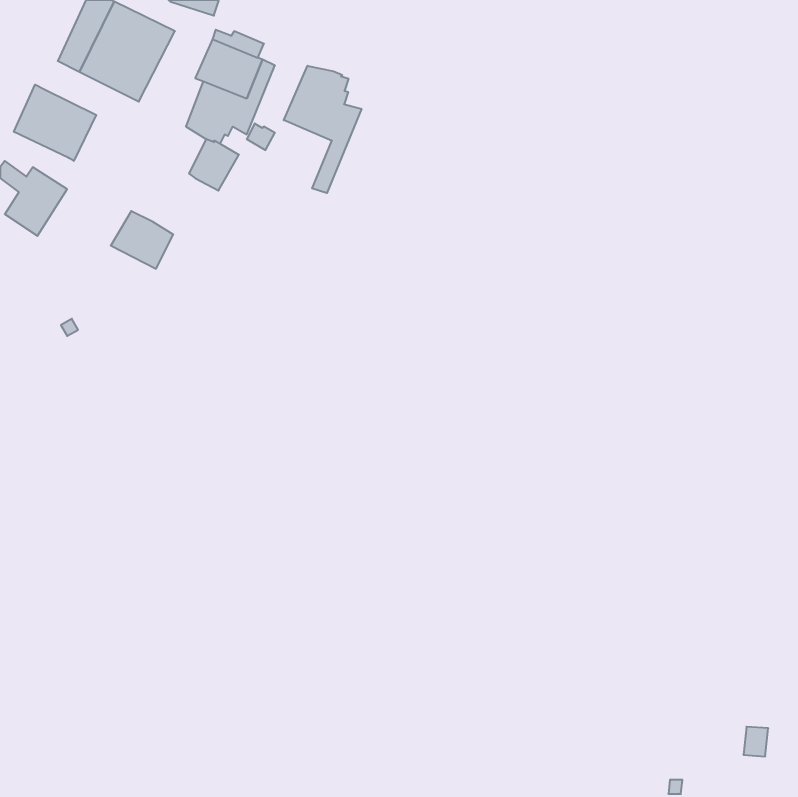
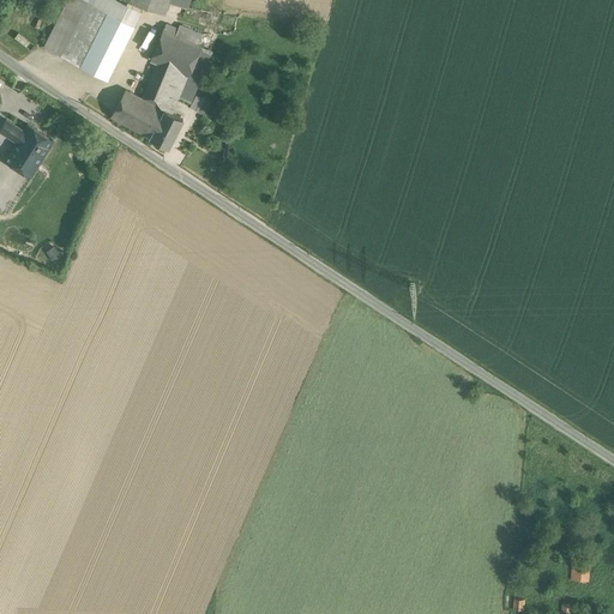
building: [284,66,361,193] -> none
building: [14,85,96,161] -> none
building: [111,211,173,269] -> [110,90,158,134]

